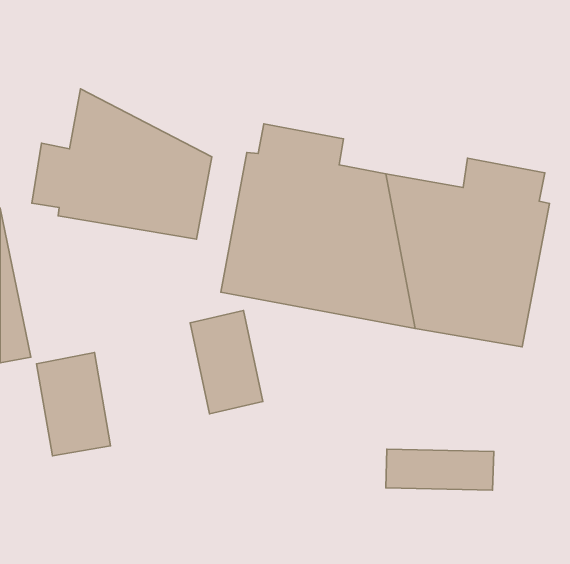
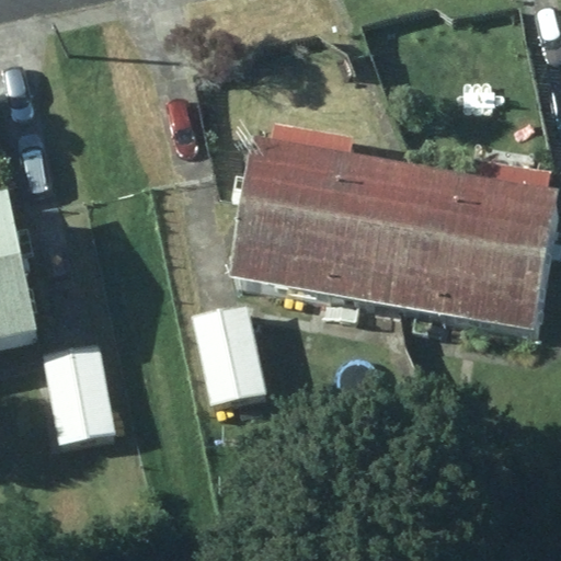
building: [32,89,212,239] -> none

